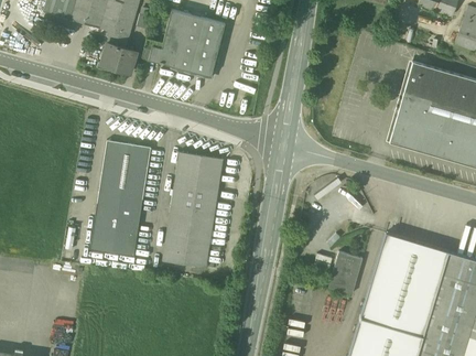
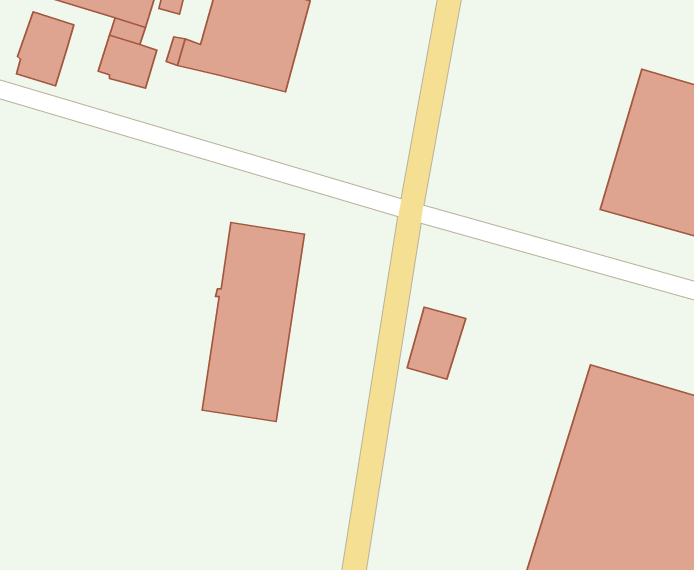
building: none -> [16,12,74,86]
building: [90,141,151,257] -> none
building: [328,251,363,293] -> [407,307,466,379]

